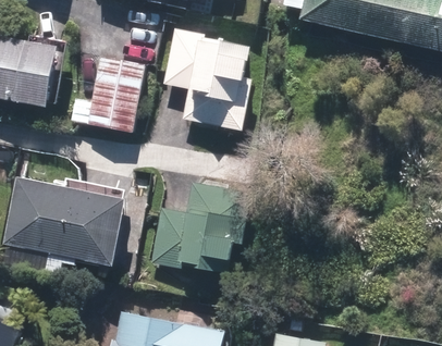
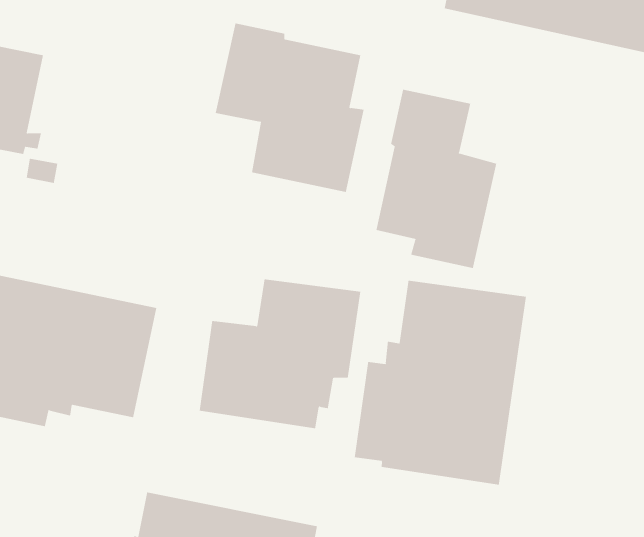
building: [71,57,145,133] -> none
building: none -> [376,89,497,269]
building: none -> [354,280,527,486]

